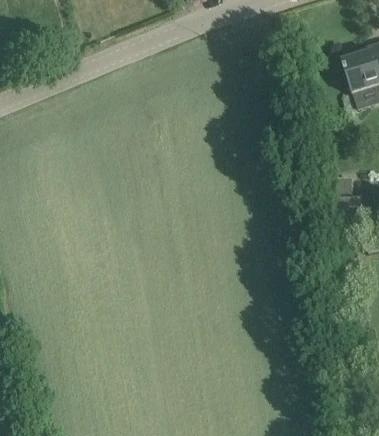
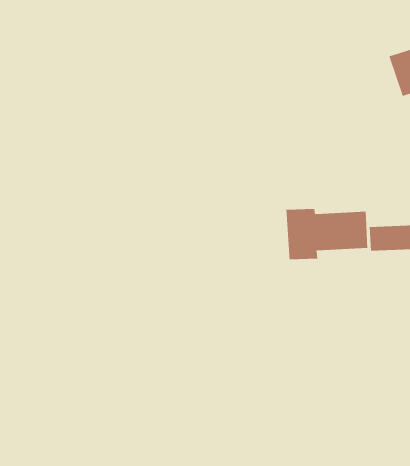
building: none -> [286,208,368,260]

